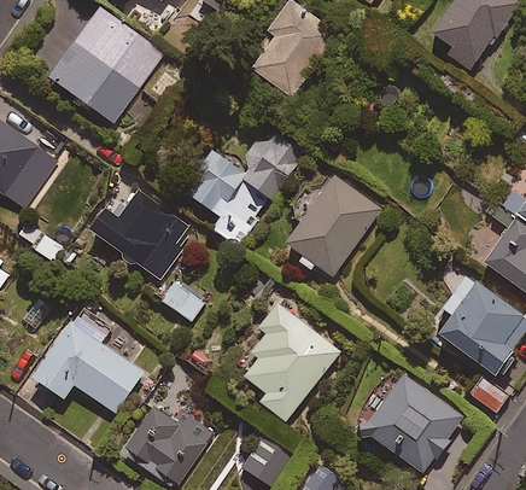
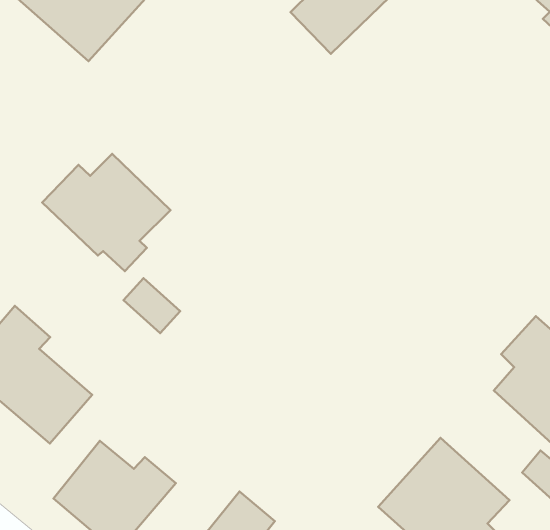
building: [182,129,300,243] -> none
building: [287,177,379,276] -> none
building: [245,314,339,420] -> none

